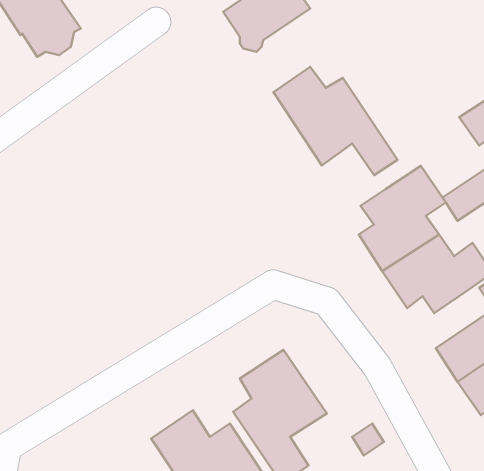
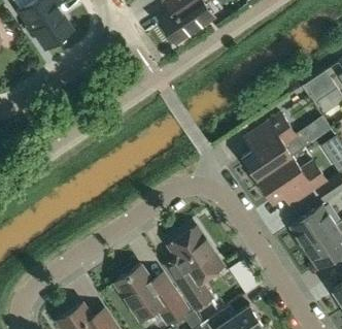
building: [274,67,397,175] -> none

